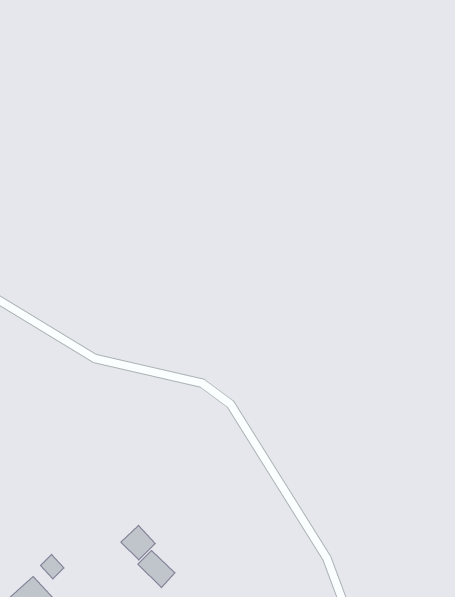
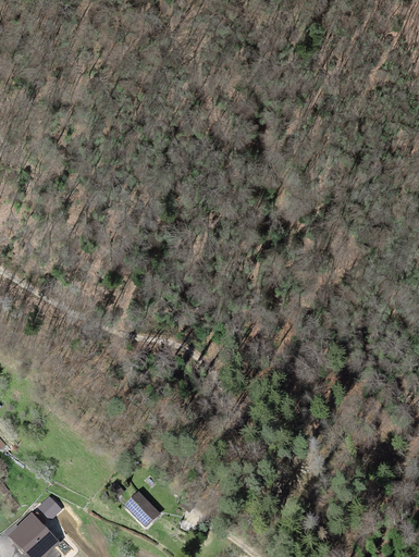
building: [121,525,155,560] -> none

